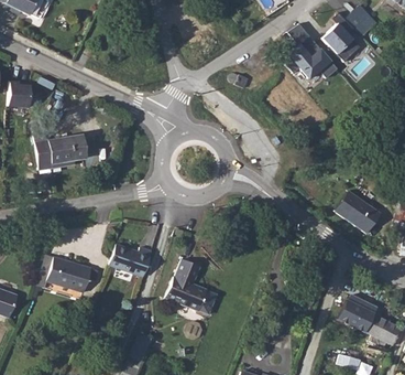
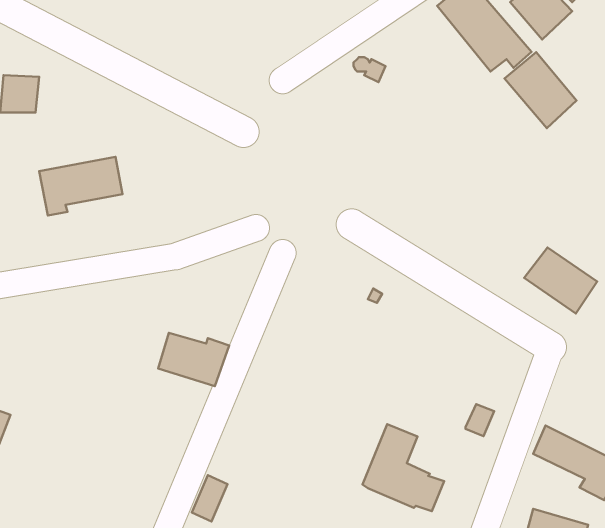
building: none -> [504,52,576,128]
building: [46,257,90,291] -> none
building: [165,258,216,312] -> [362,424,444,511]

